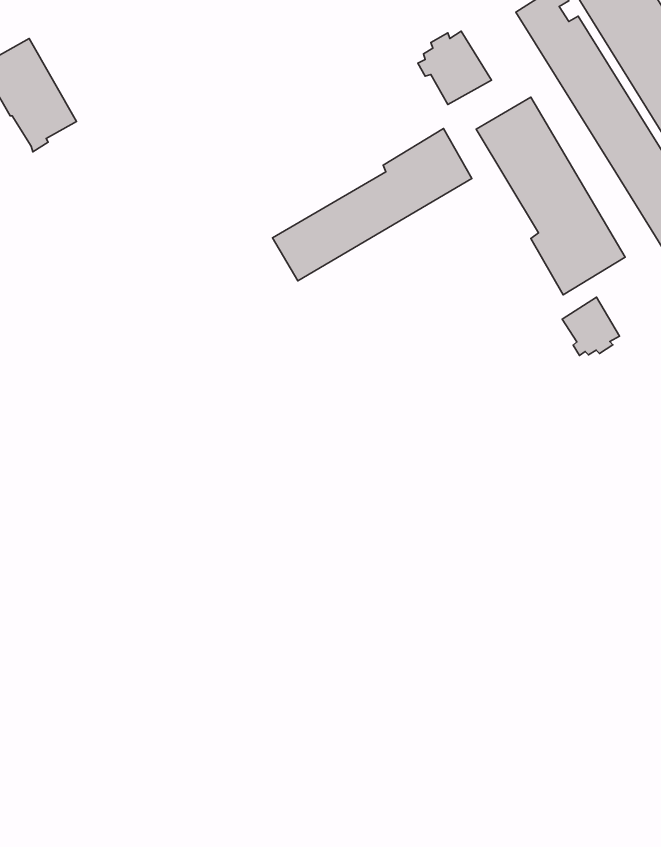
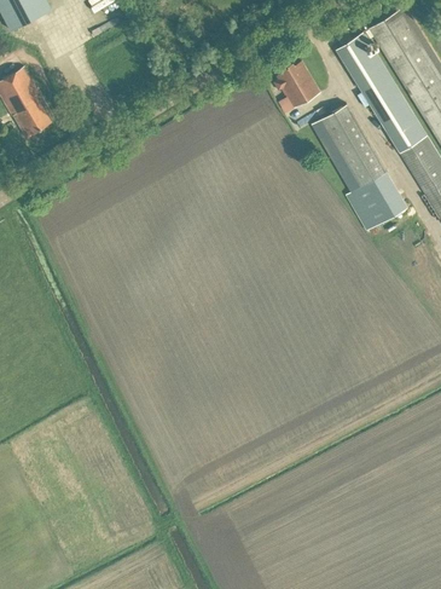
building: [272,129,472,281] -> none
building: [562,297,620,355] -> none

